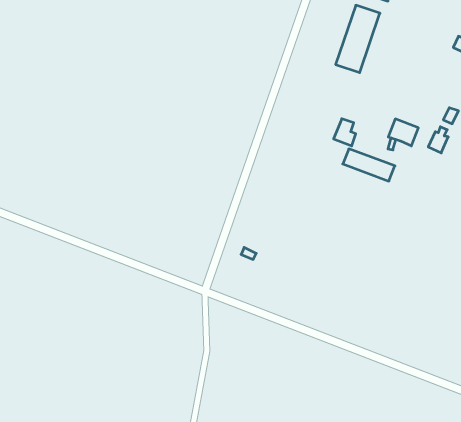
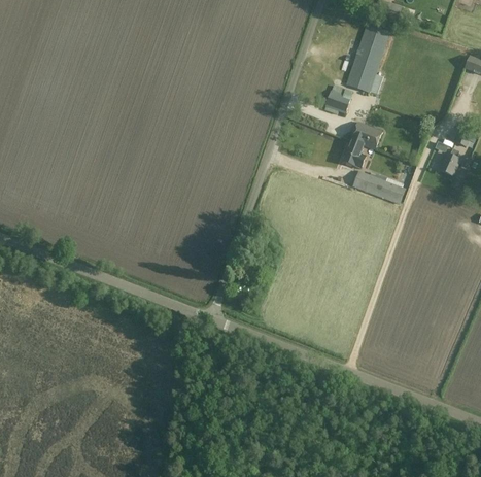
building: none -> [325,90,351,113]
building: [388,119,418,146] -> [351,122,382,149]

